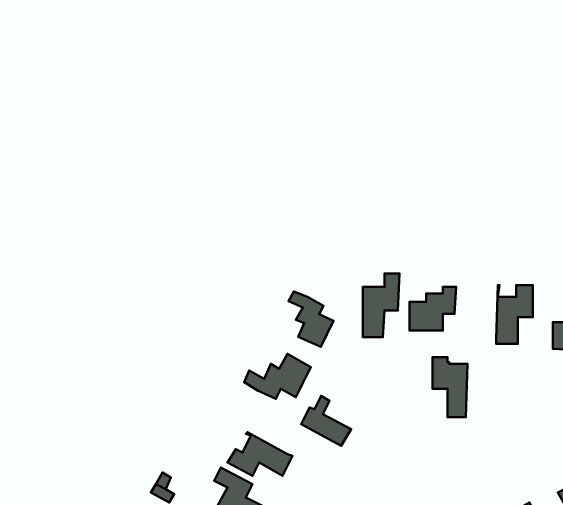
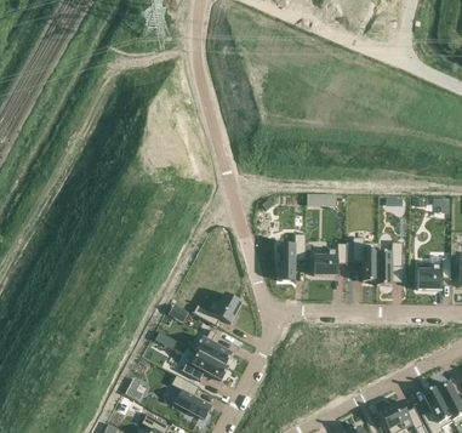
building: [288,292,334,347] -> none
building: [432,357,467,417] -> [350,238,376,281]
building: [301,396,351,446] -> [194,329,230,365]

